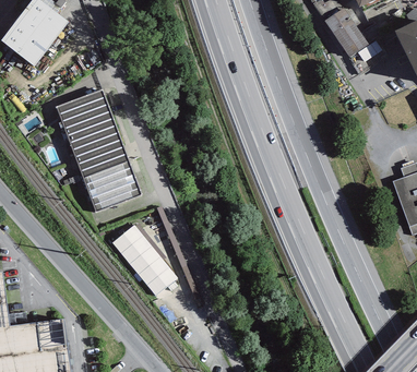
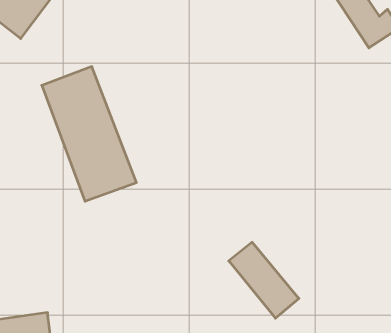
building: [111,225,177,296] -> [229,242,299,318]

